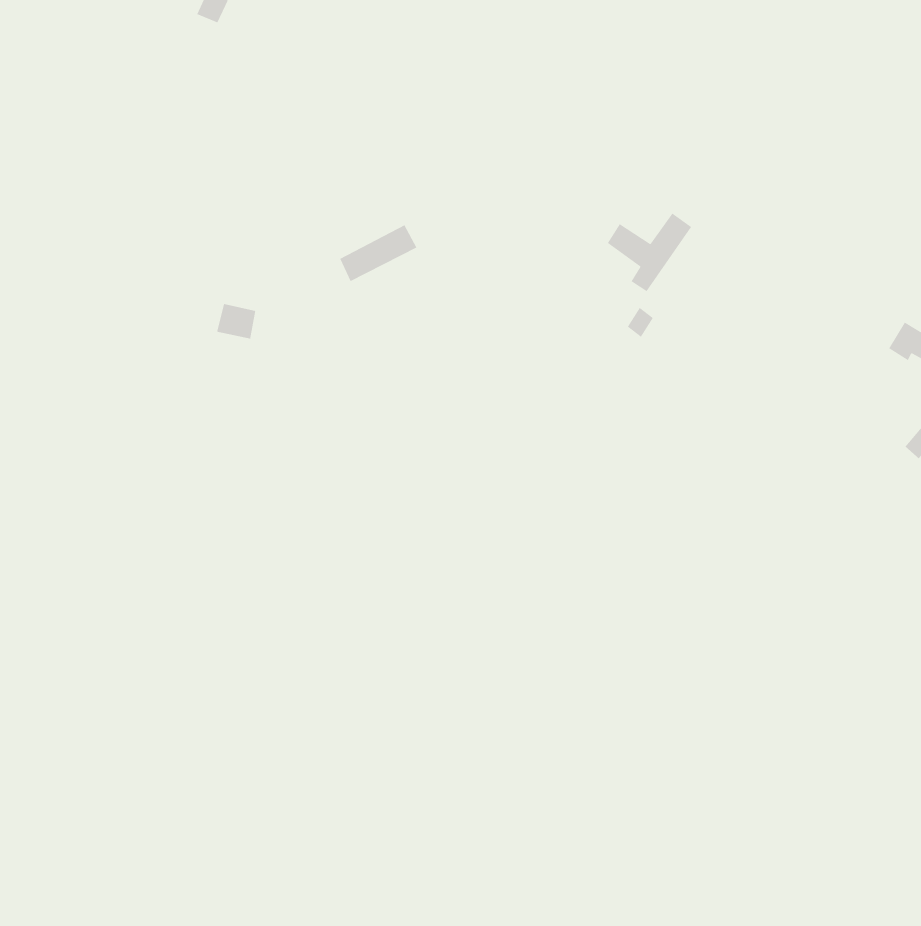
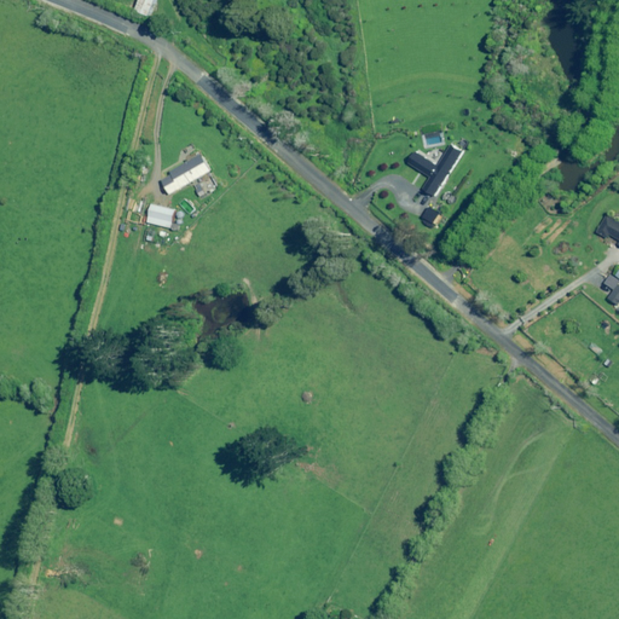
building: [339,224,417,282] -> [160,152,212,191]

